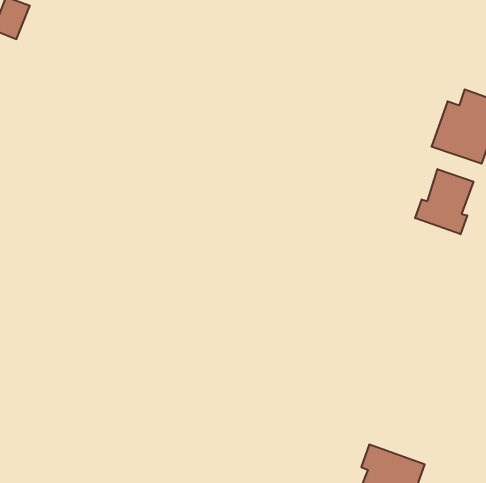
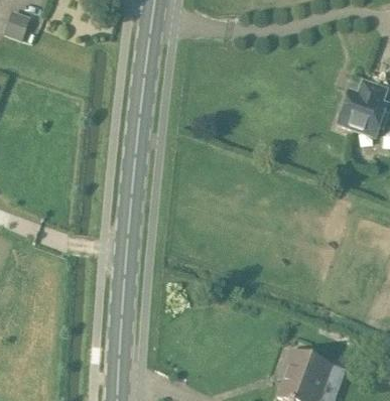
building: [415,169,473,234] -> none

